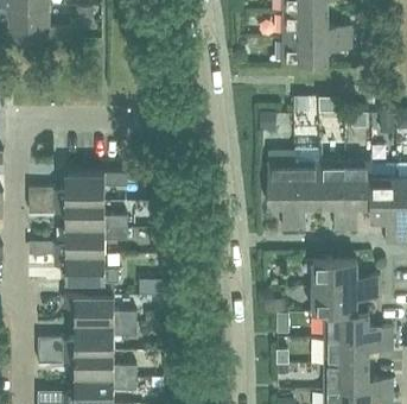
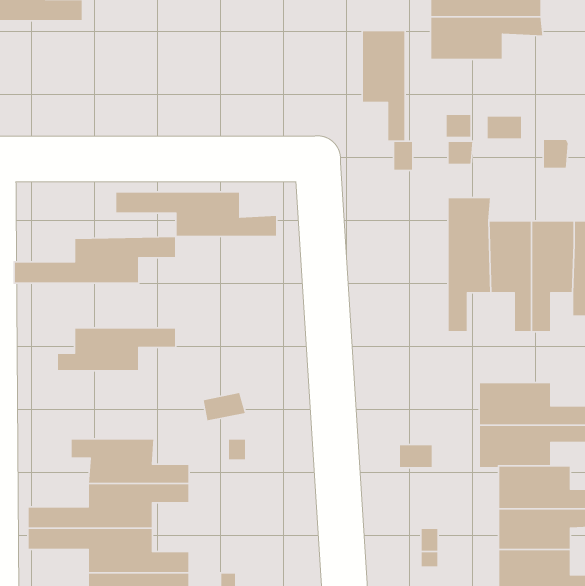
building: [268,163,294,231] -> [362,30,405,141]
building: [30,201,128,228] -> [115,192,277,237]
building: [56,254,119,296] -> none

